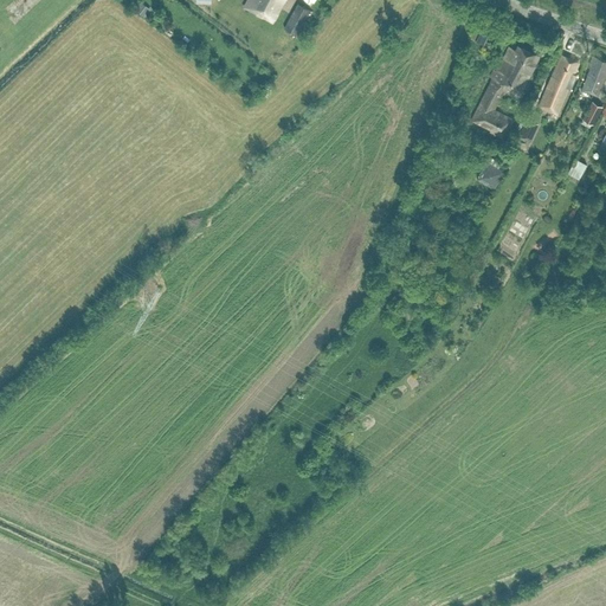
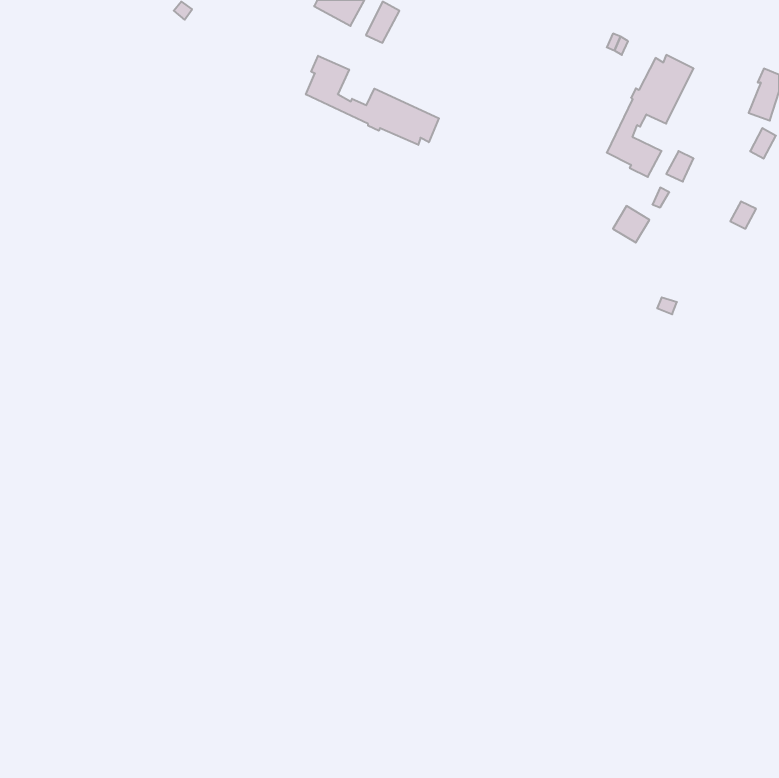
building: none -> [306,56,439,145]
building: [539,54,578,114] -> none

